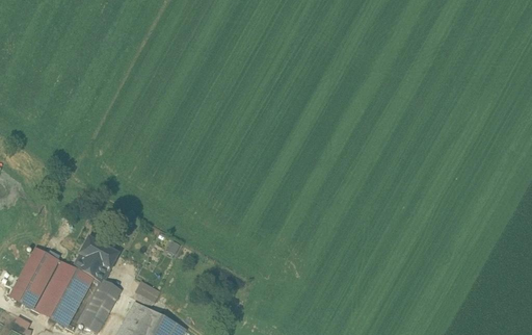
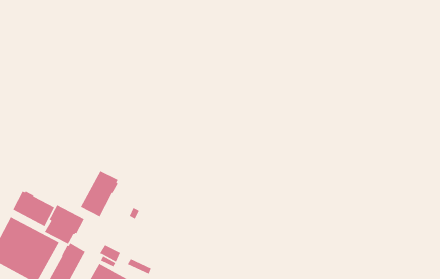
building: none -> [80,170,119,217]
building: none -> [12,190,55,227]

